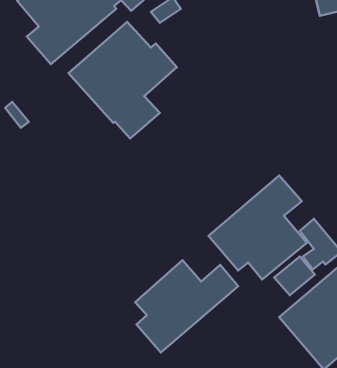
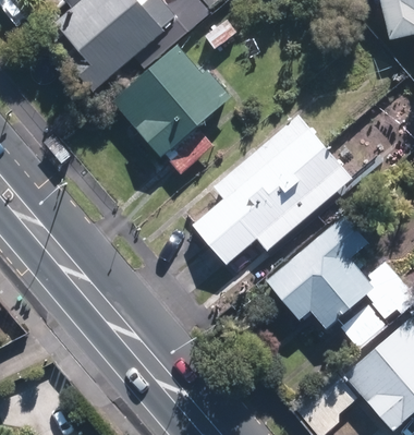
building: none -> [192,112,353,263]
building: [135,260,238,353] -> none

